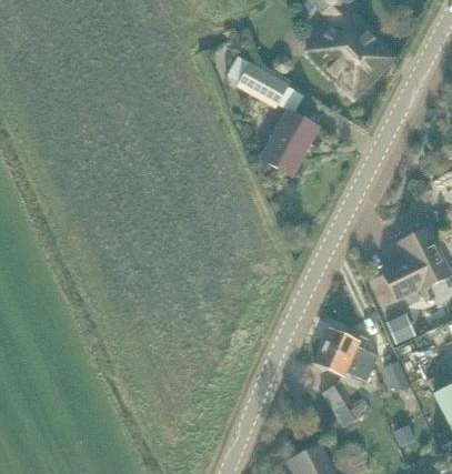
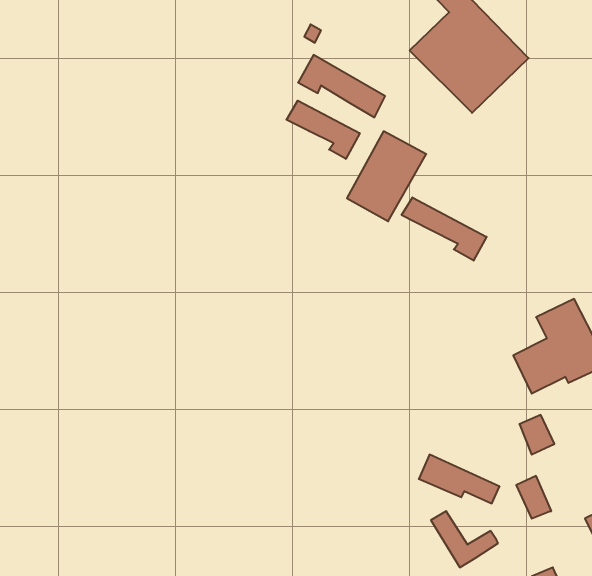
building: none -> [286,101,360,159]
building: none -> [402,197,487,261]
building: [321,327,379,369] -> none

